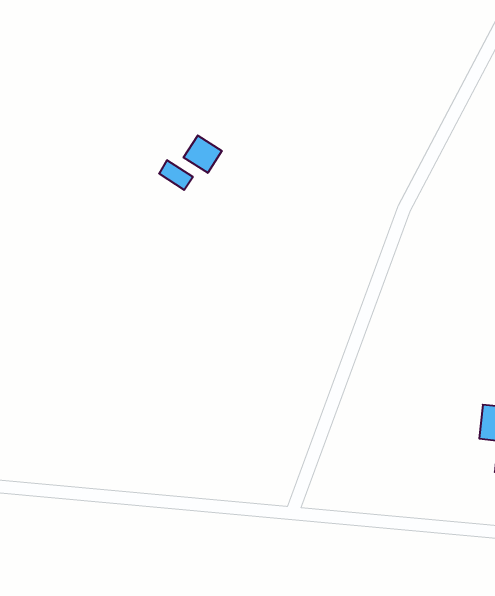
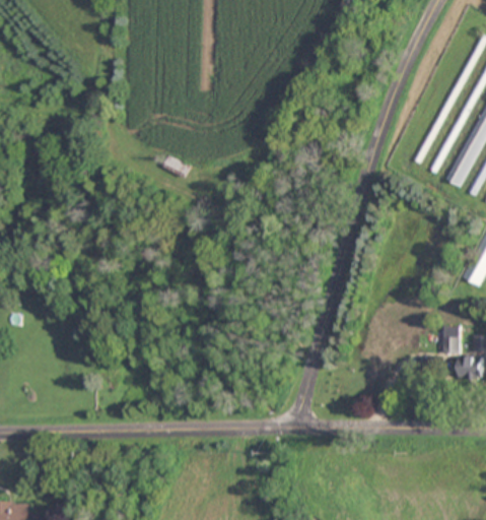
building: [184,135,222,173] -> none

